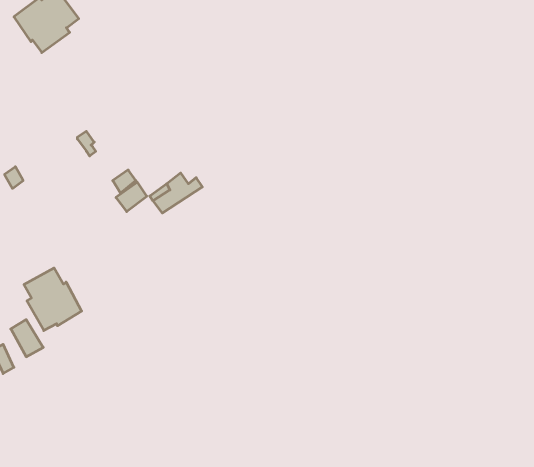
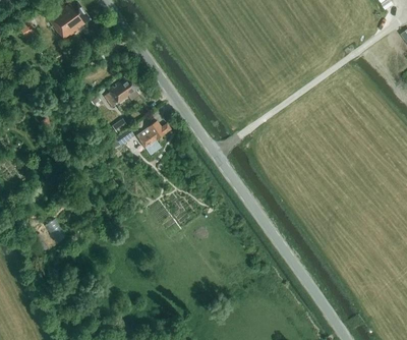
building: none -> [104,74,139,108]
building: [24,268,82,331] -> none

